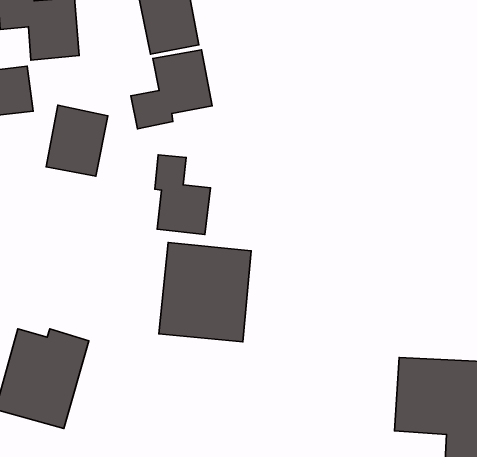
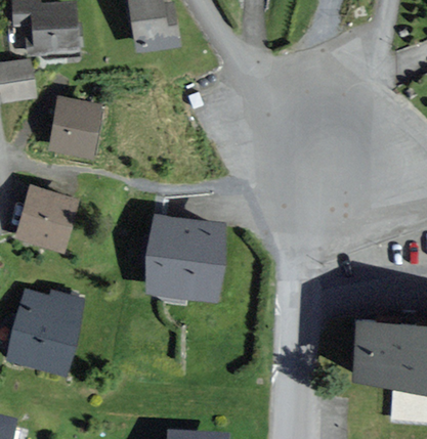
building: [131,50,212,129] -> none
building: [155,155,210,235] -> none
building: none -> [14,186,80,253]

